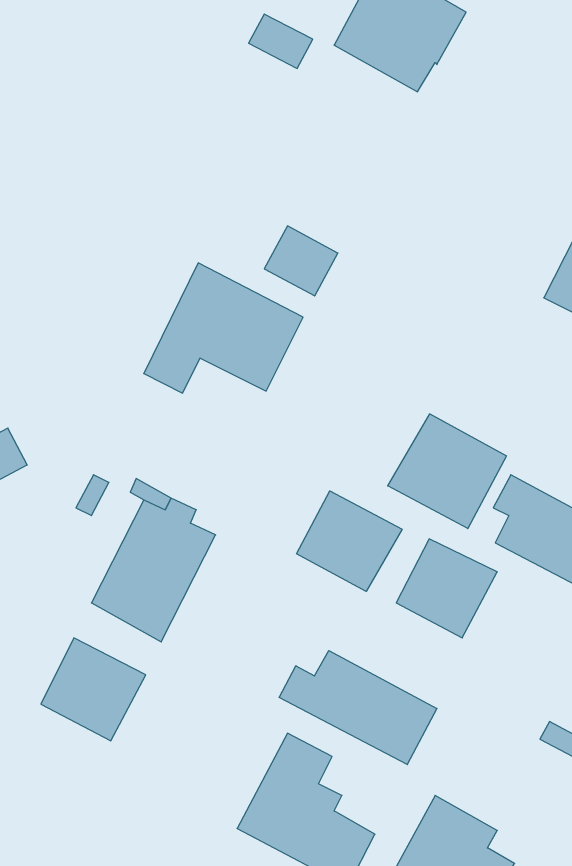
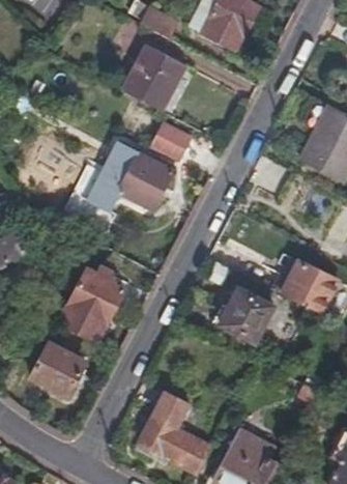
building: none -> [124,46,187,112]
building: [388,414,506,529] -> none
building: [297,491,402,591] -> none
building: [279,651,437,765] -> none

